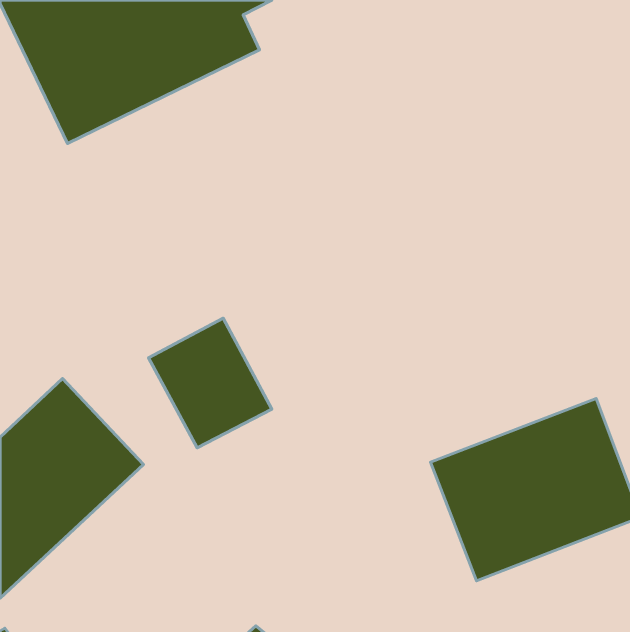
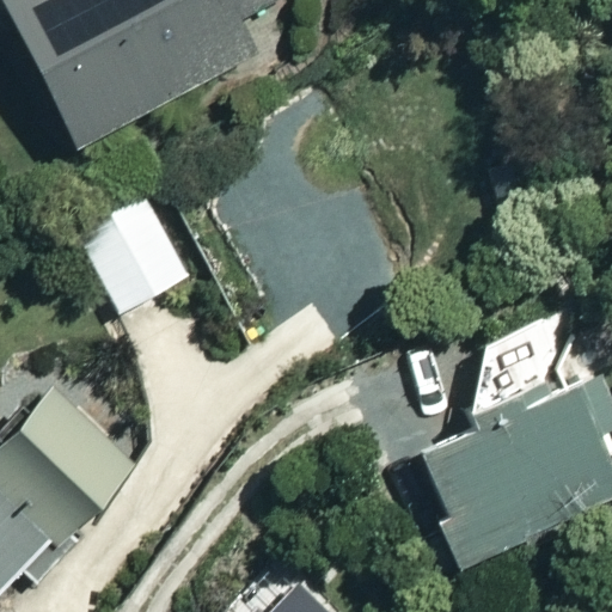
building: [148,318,272,448] -> [75,191,194,316]

